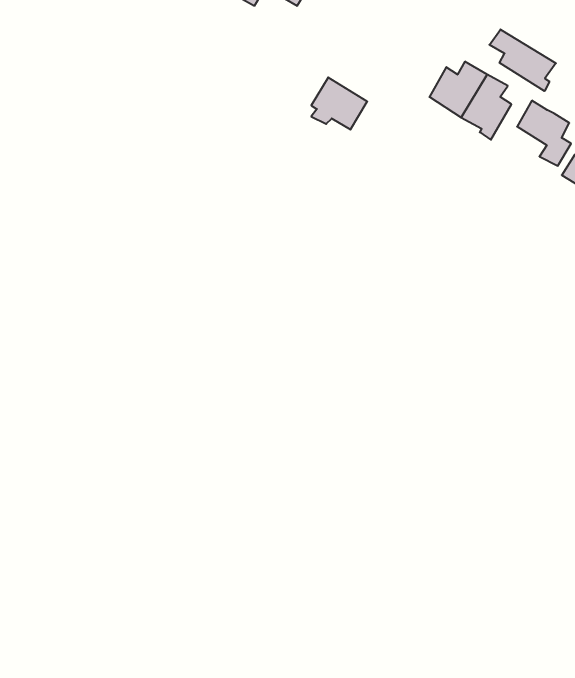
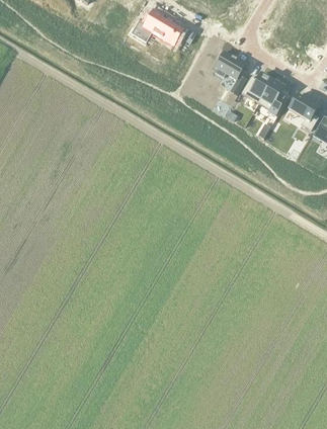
building: [489,29,556,91] -> none
building: [311,77,367,130] -> [215,51,245,79]

